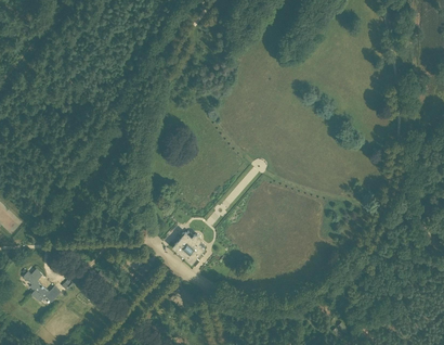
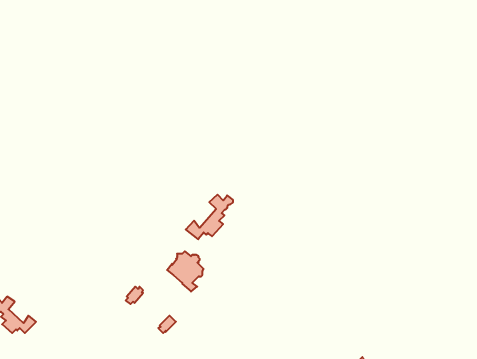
building: none -> [186,195,233,239]

